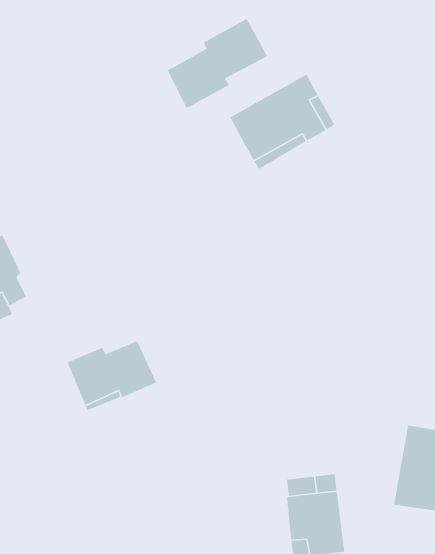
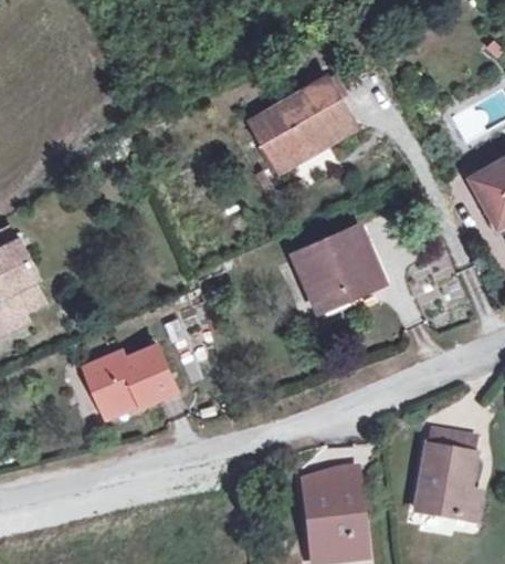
building: [167,18,268,109] -> none
building: none -> [295,228,381,317]

